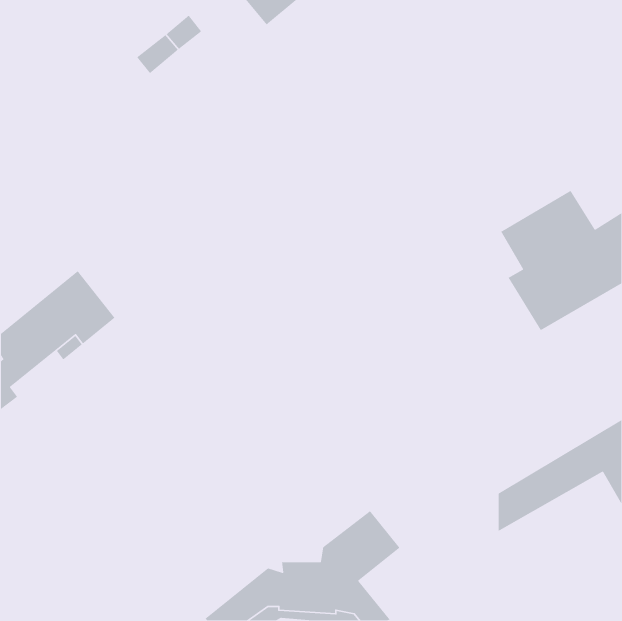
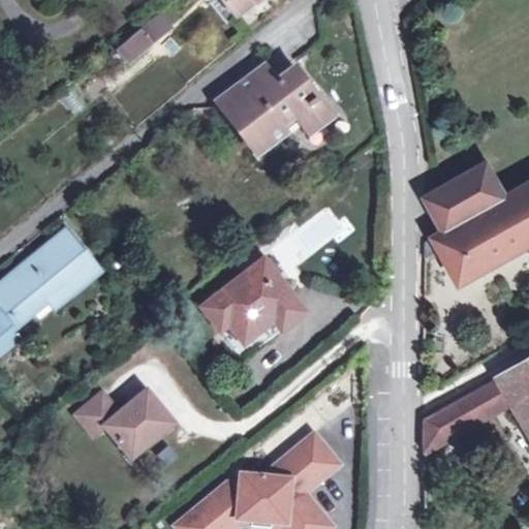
building: none -> [215,66,332,153]
building: none -> [203,258,304,363]
building: none -> [77,391,175,458]

